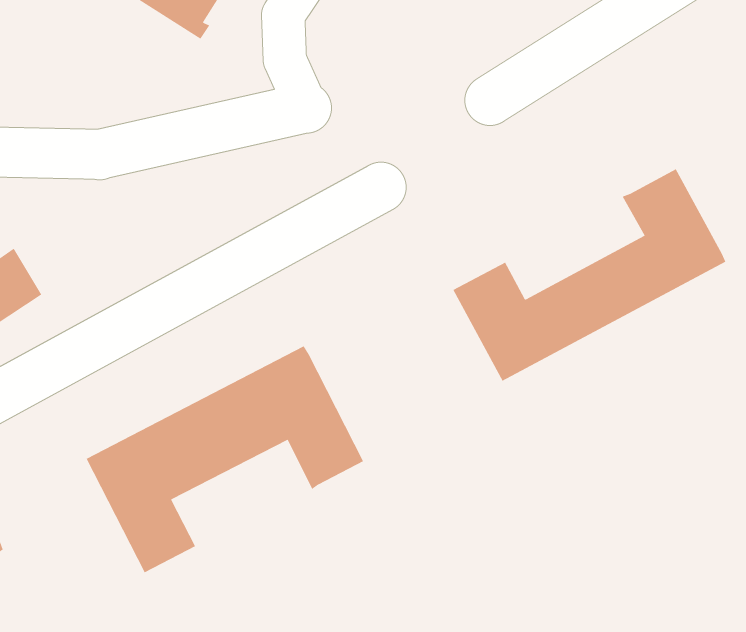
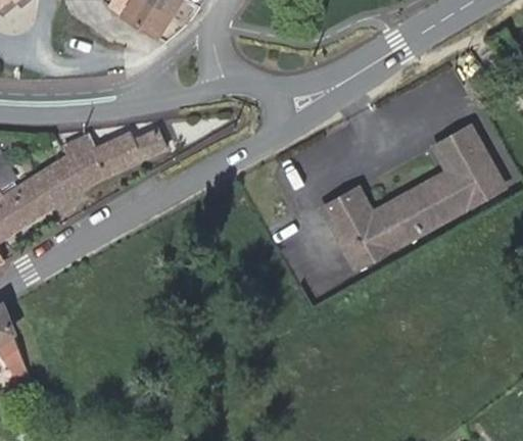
building: none -> [35,129,168,207]
building: [86,346,364,573] -> none

